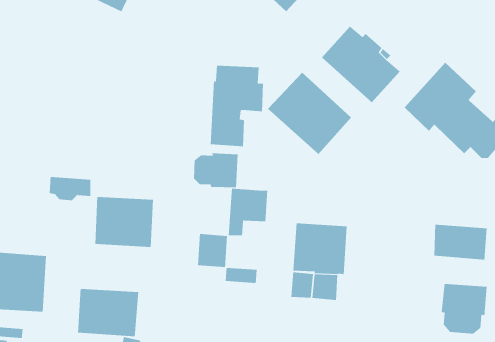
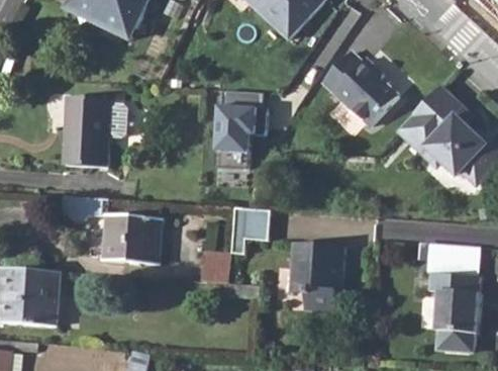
building: none -> [63,96,125,167]
building: [267,72,352,155] -> none
building: [194,153,238,188] -> none
building: none -> [425,272,479,301]
building: [78,288,139,337] -> none

